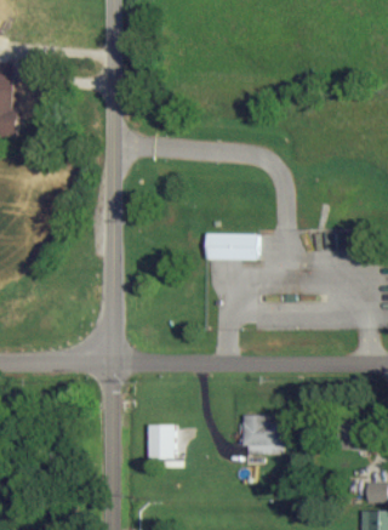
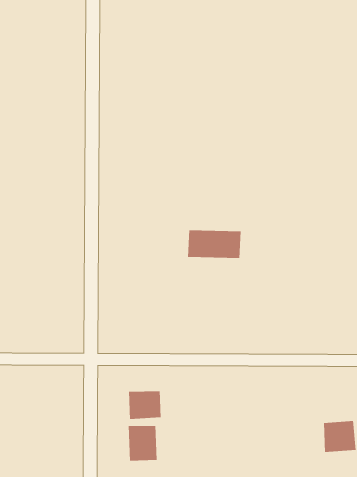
building: none -> [129,390,161,420]
building: [244,415,283,455] -> none

